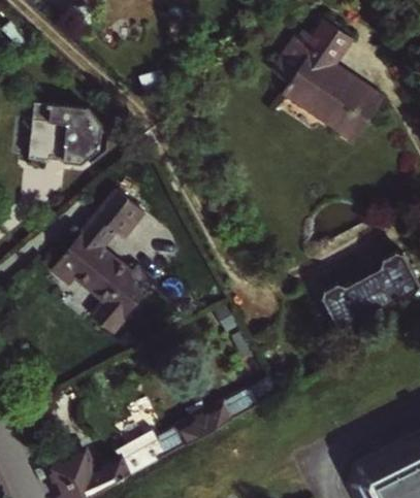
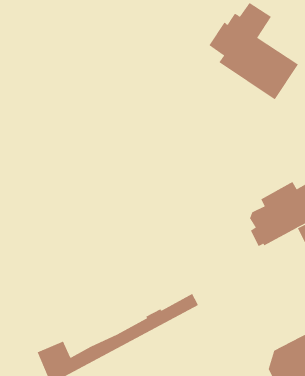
building: [19,102,102,162] -> none
building: [53,190,157,336] -> none

